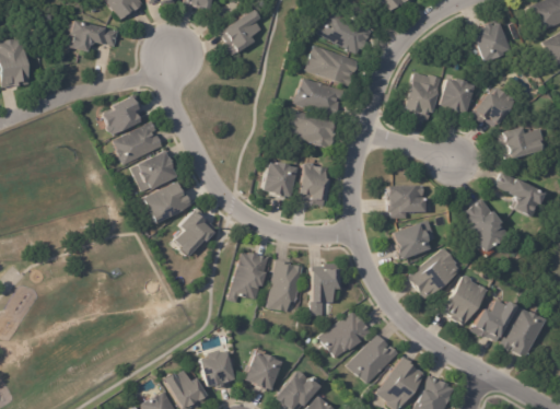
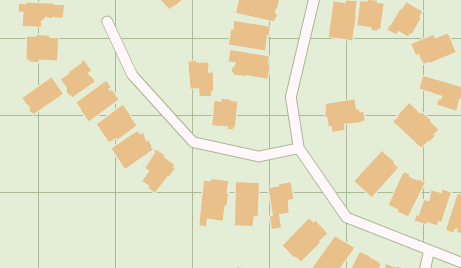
building: none -> [26,34,59,63]
building: none -> [21,77,64,115]
building: [300,163,329,207] -> [187,60,214,96]
building: [393,223,430,259] -> none

